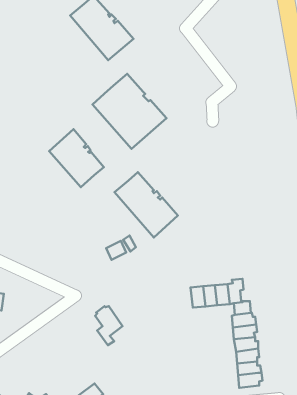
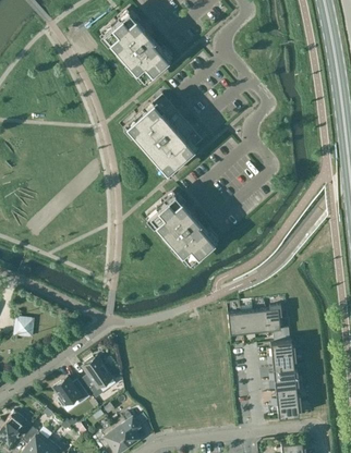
building: [49,129,104,187] -> none
building: [95,306,123,345] -> [83,357,111,397]
building: none -> [53,378,89,407]

